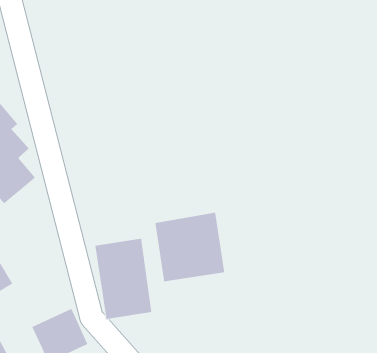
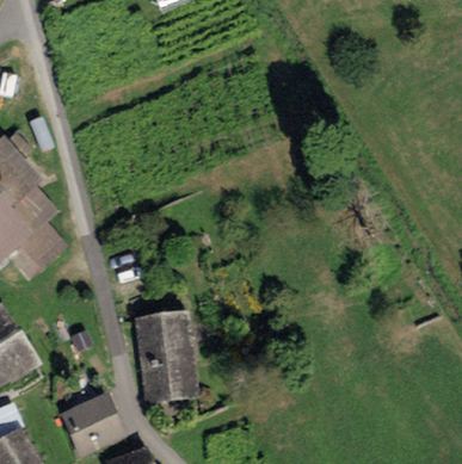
building: [155,212,225,282] -> none

